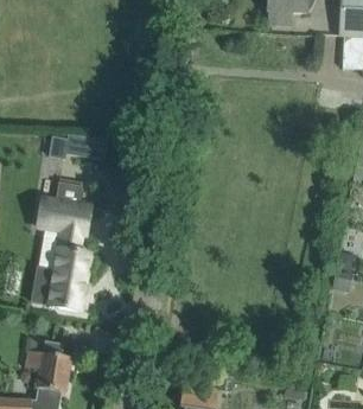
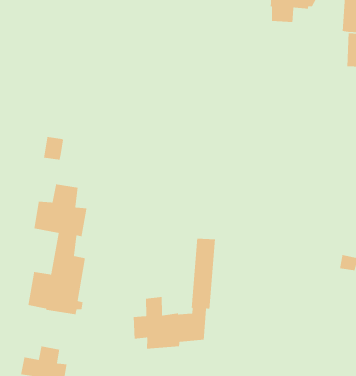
building: none -> [133,238,216,350]

